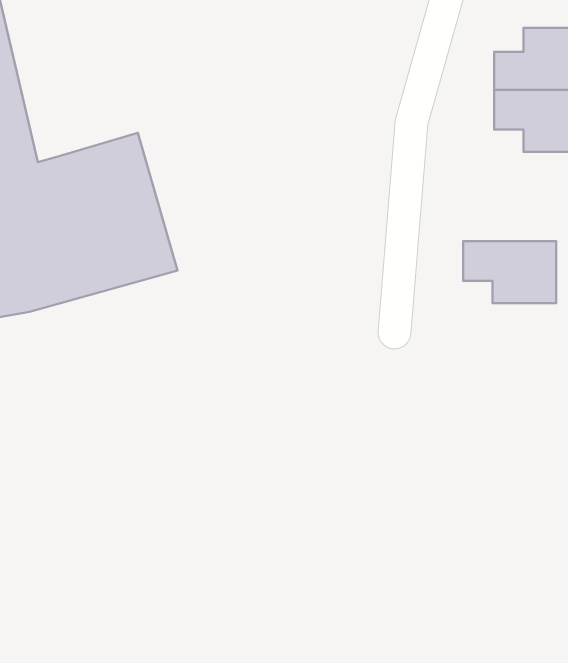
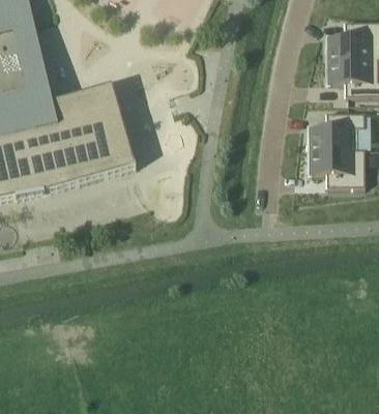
building: none -> [309,112,365,149]

